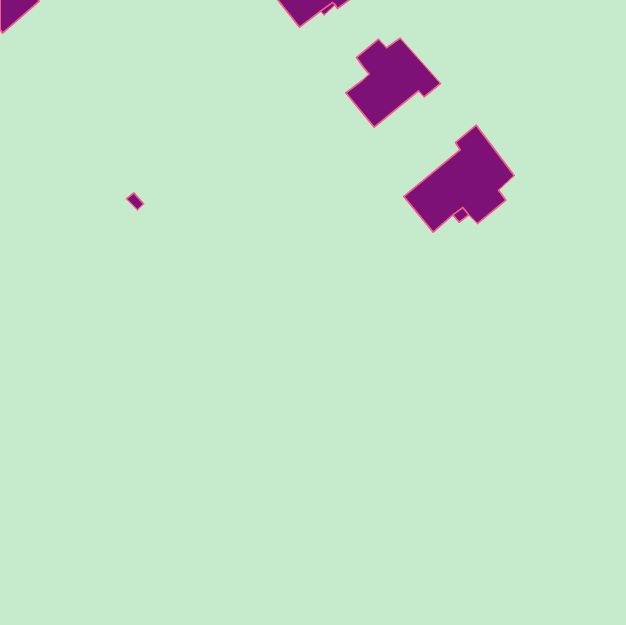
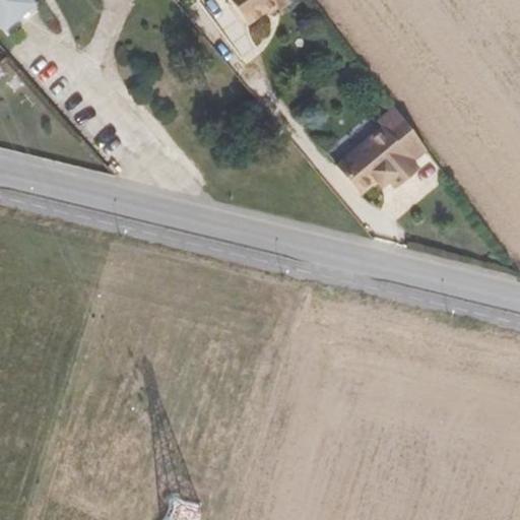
building: [346,38,441,127] -> none

